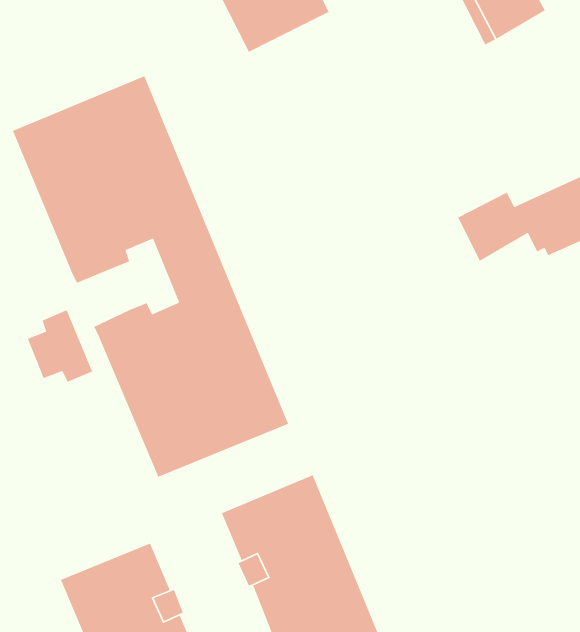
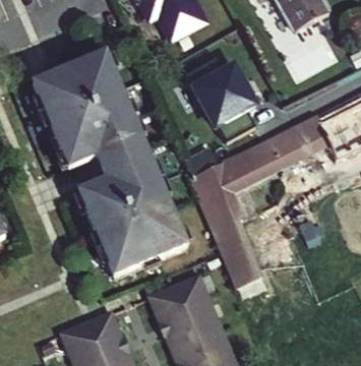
building: none -> [188,56,264,130]
building: none -> [194,133,291,284]
building: [27,309,93,383] -> [88,145,125,186]

